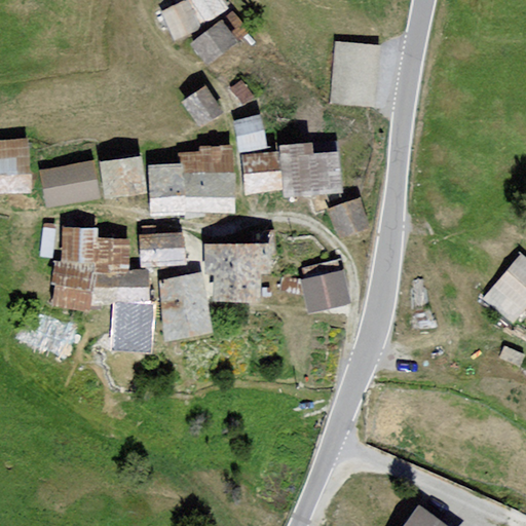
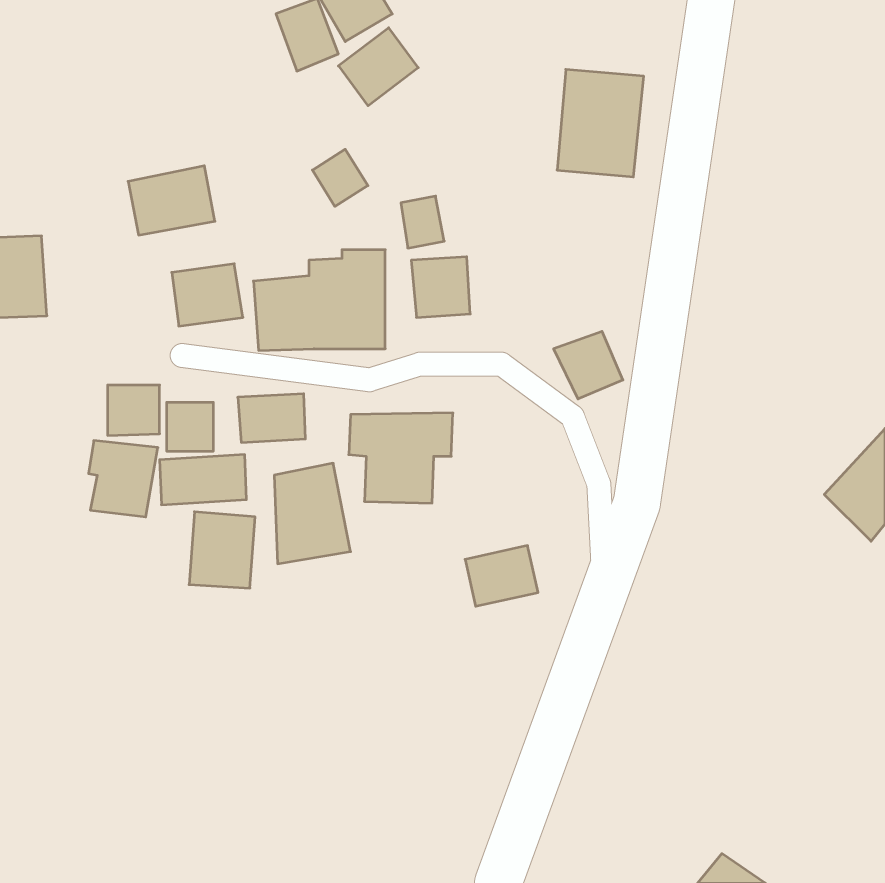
building: [280,143,339,192] -> none
building: [43,161,95,202] -> [128,166,215,235]
building: [303,271,346,307] -> [465,546,538,606]

